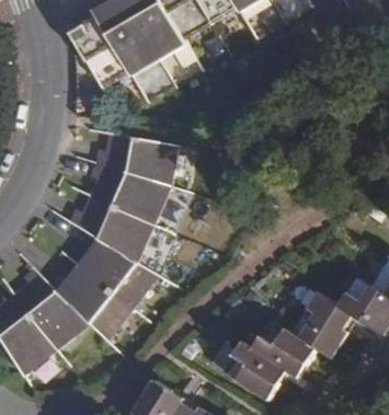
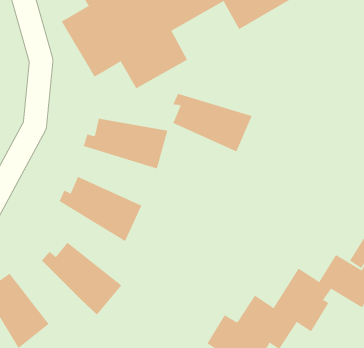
building: [85,162,170,224] -> [172,93,253,152]
building: [75,233,160,309] -> none
building: [14,266,89,349] -> none

